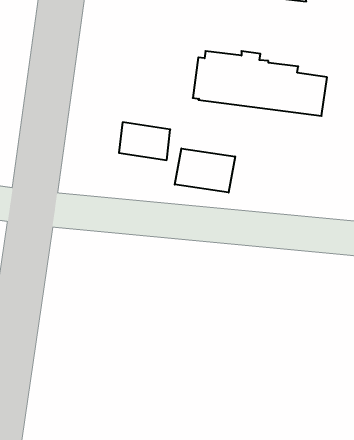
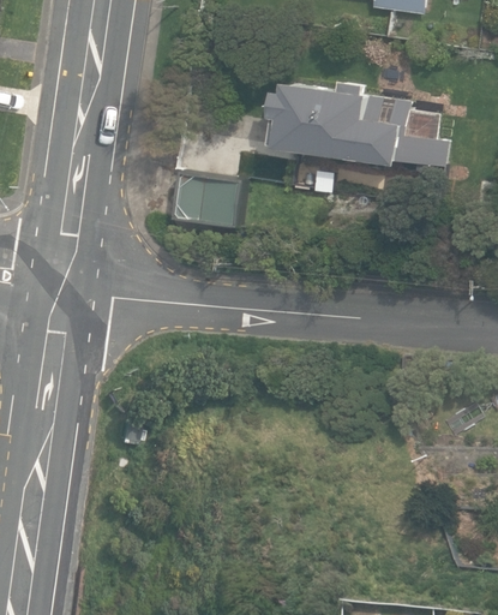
building: [175,148,235,193] -> none

